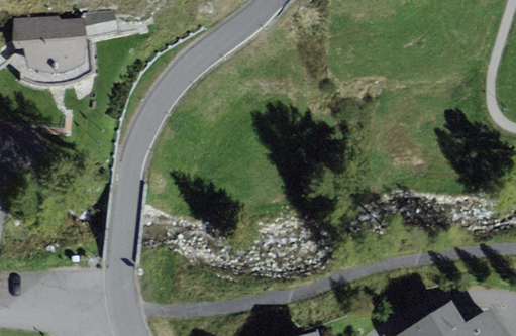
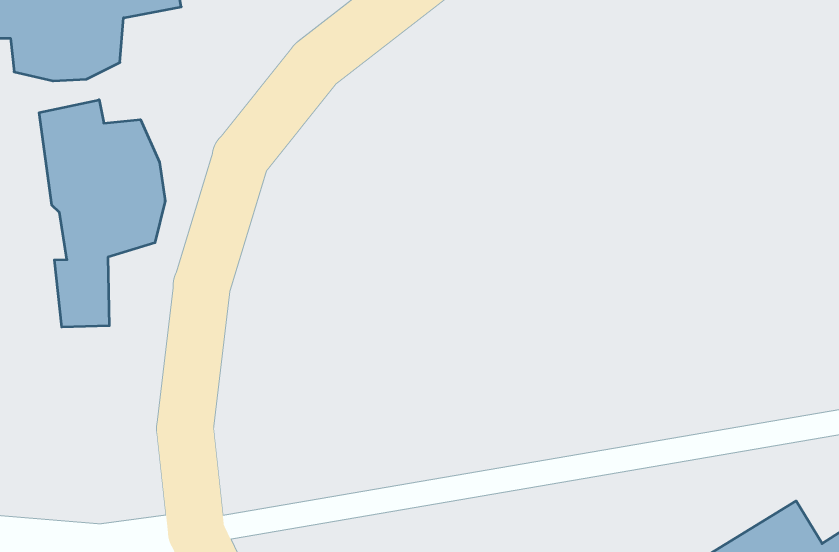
building: none -> [39,100,165,327]

